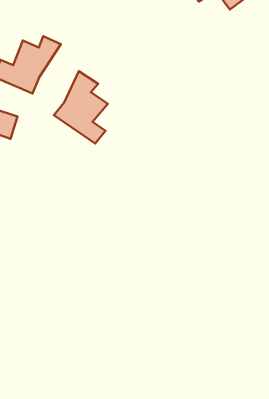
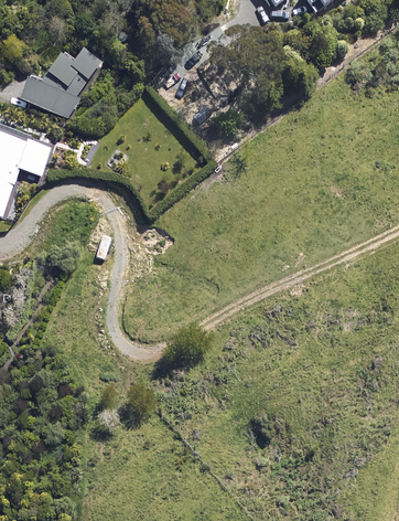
building: [54,71,108,144] -> none

